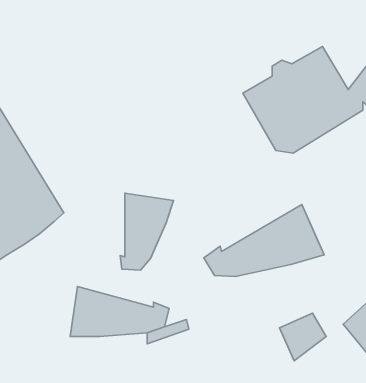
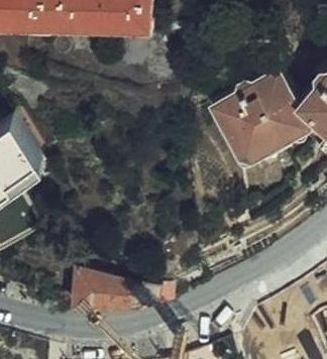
building: [120,193,174,270] -> none
building: [204,204,324,276] -> none

